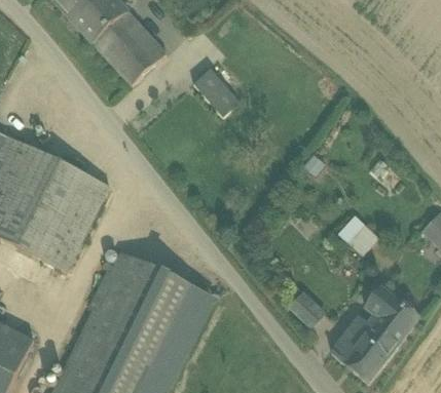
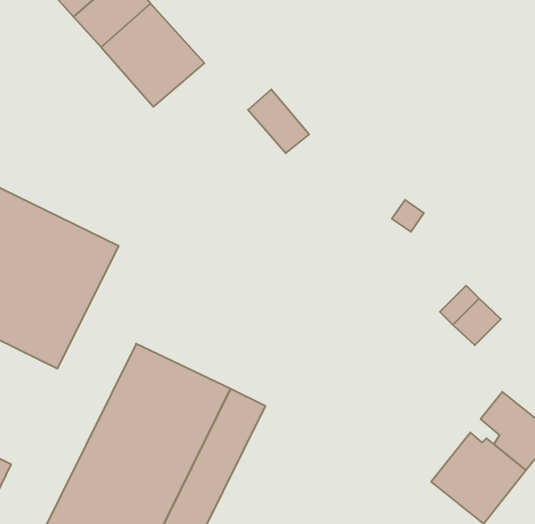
building: [289,291,324,325] -> none

